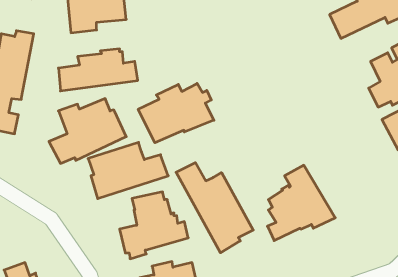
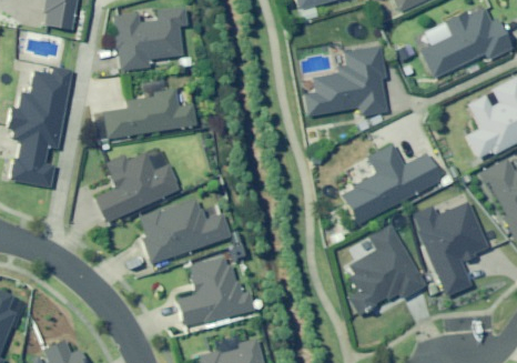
building: none -> [304,44,388,117]
building: [138,83,214,143] -> none
building: none -> [341,142,442,223]
building: none -> [413,201,487,295]
building: [176,163,253,253] -> none

